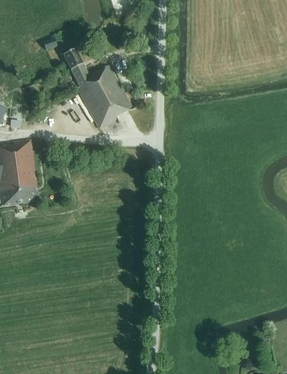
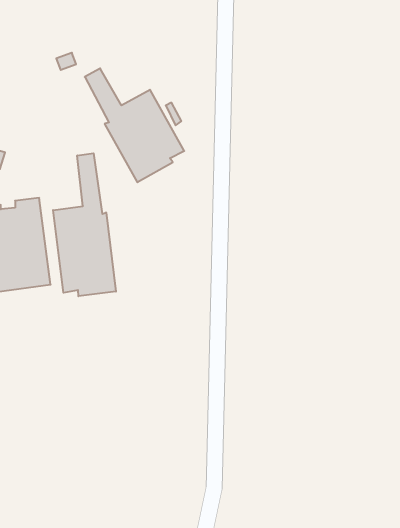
building: none -> [53,153,116,296]

